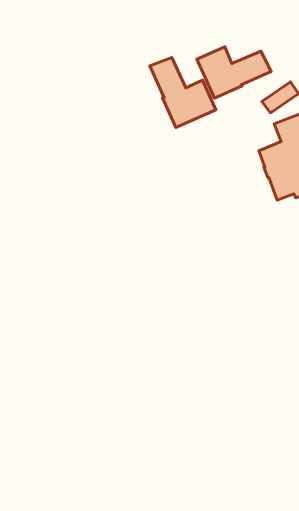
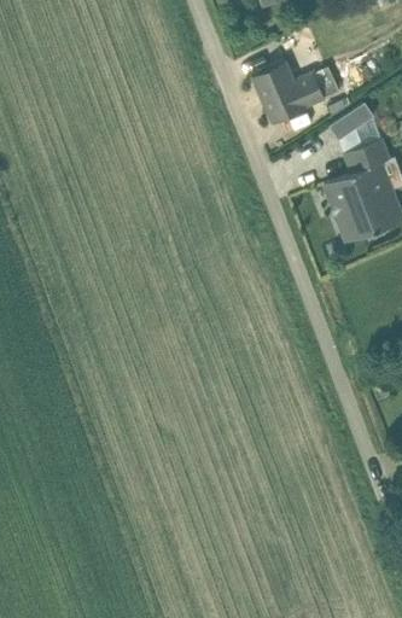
building: [150,57,216,128] -> none

